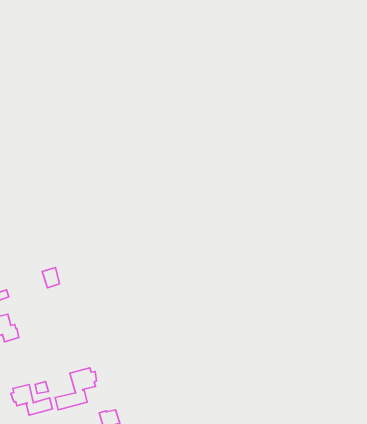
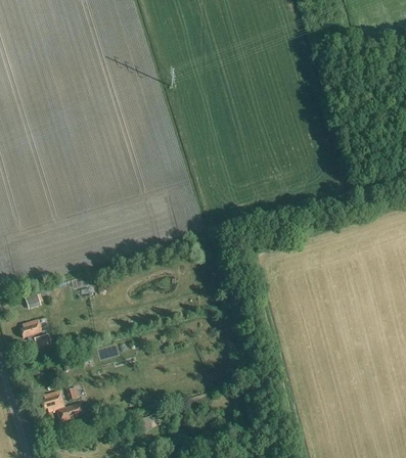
building: [55,368,96,410] -> none

